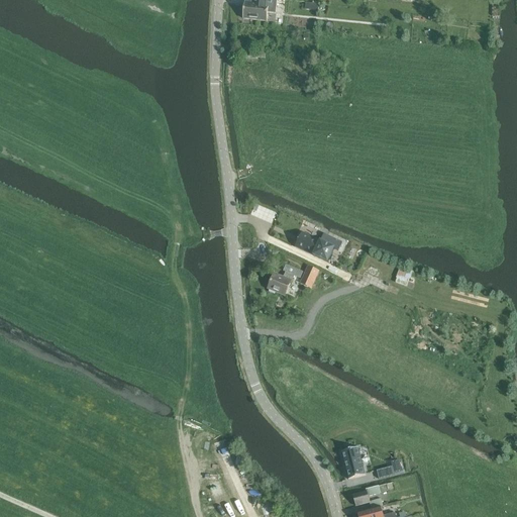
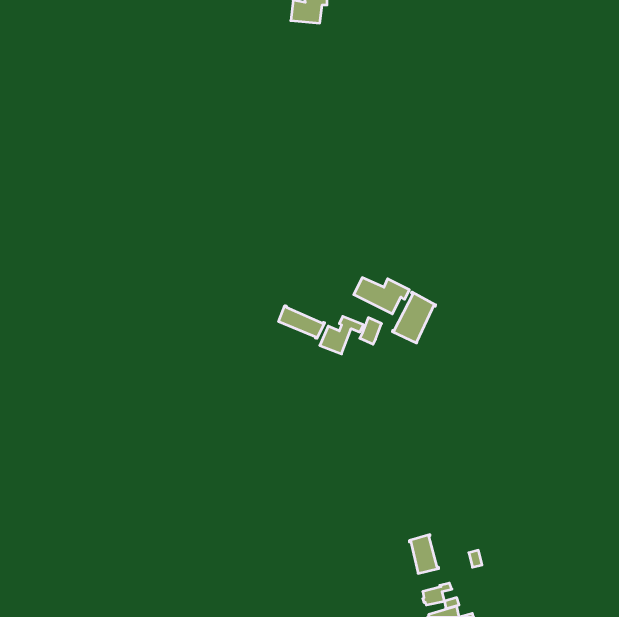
building: none -> [392,292,436,343]
building: none -> [279,306,325,338]

